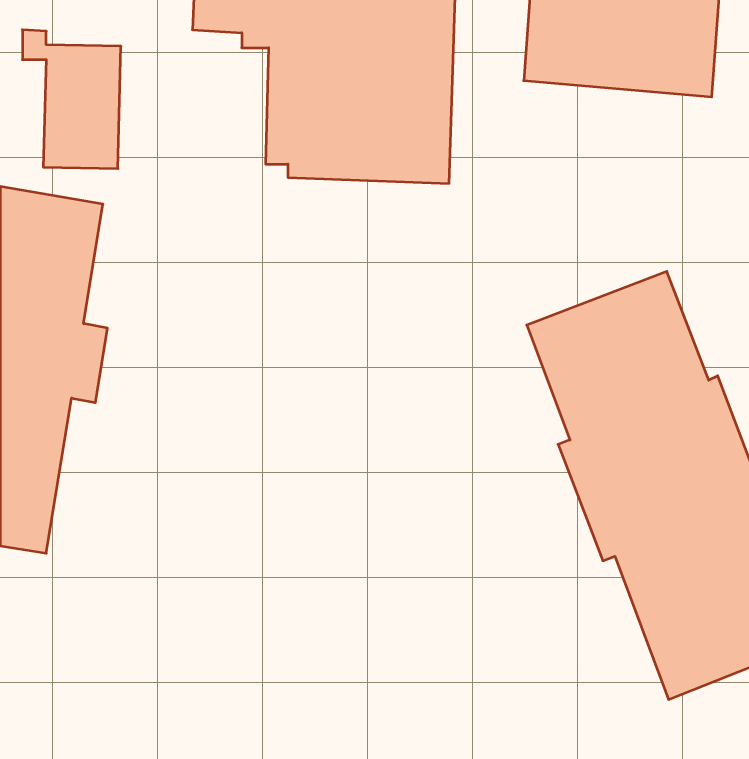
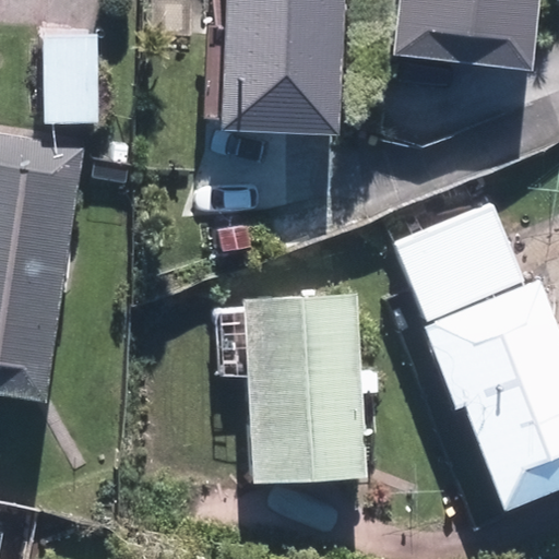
building: none -> [246,295,378,476]

